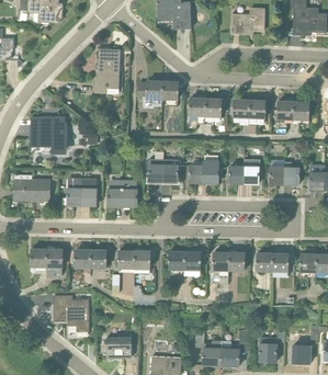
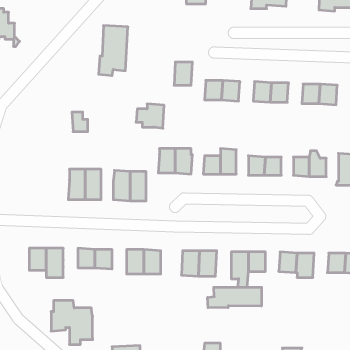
building: [137,80,162,102] -> [136,104,164,128]
building: [31,114,67,150] -> none
building: [13,180,48,200] -> none
building: none -> [208,287,262,308]

